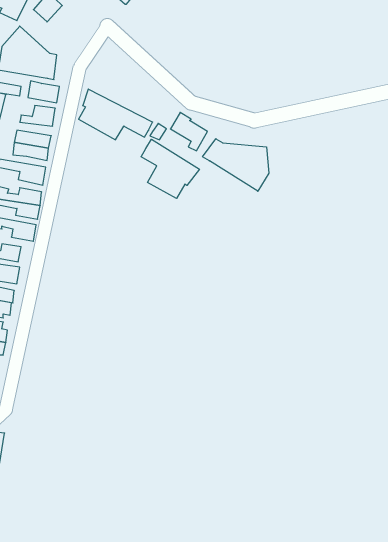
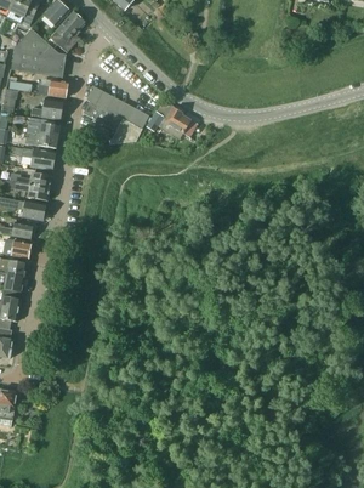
building: none -> [50,11,84,52]
building: [203,139,269,191] -> none
building: [141,139,199,198] -> none

